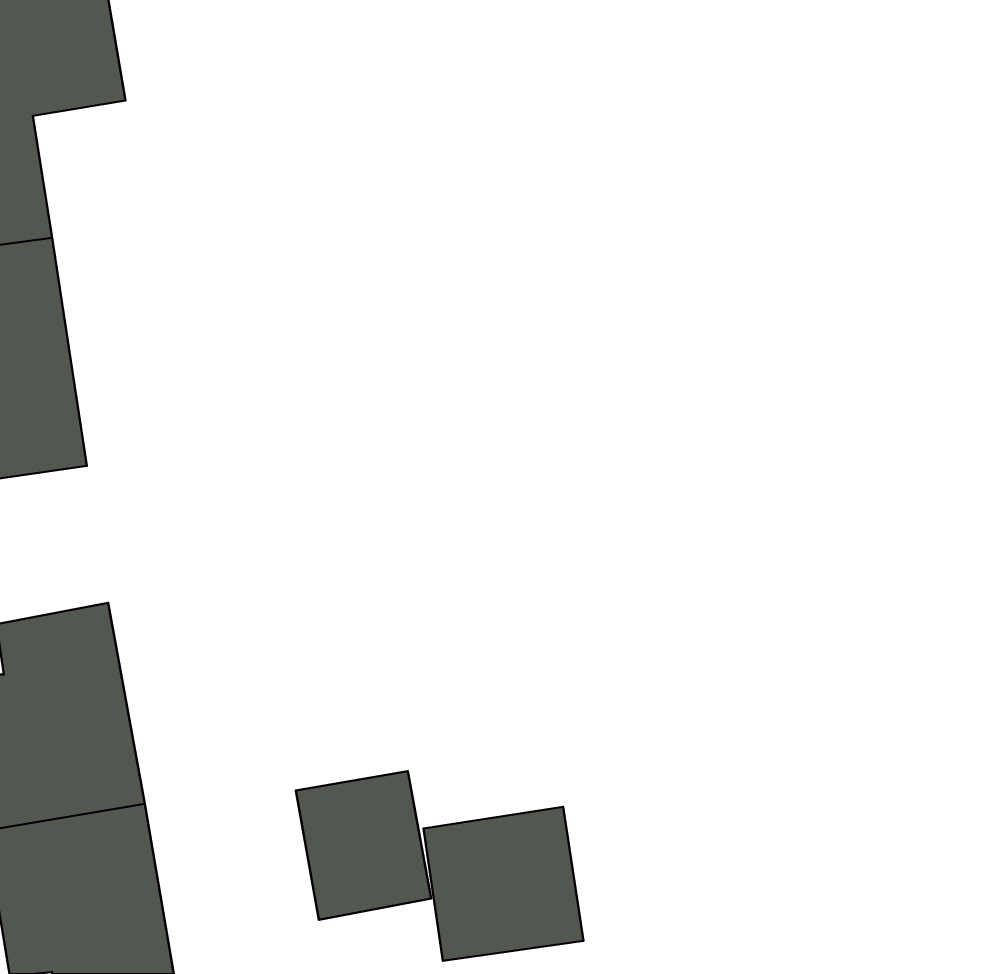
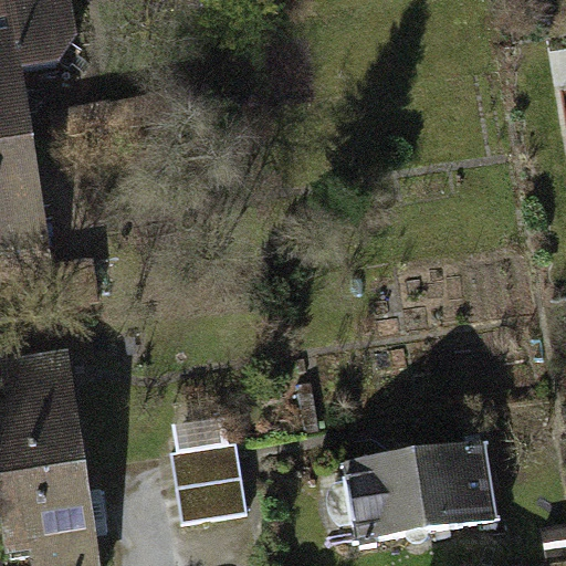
building: none -> [344,440,495,536]
building: [424,807,583,961] -> none

